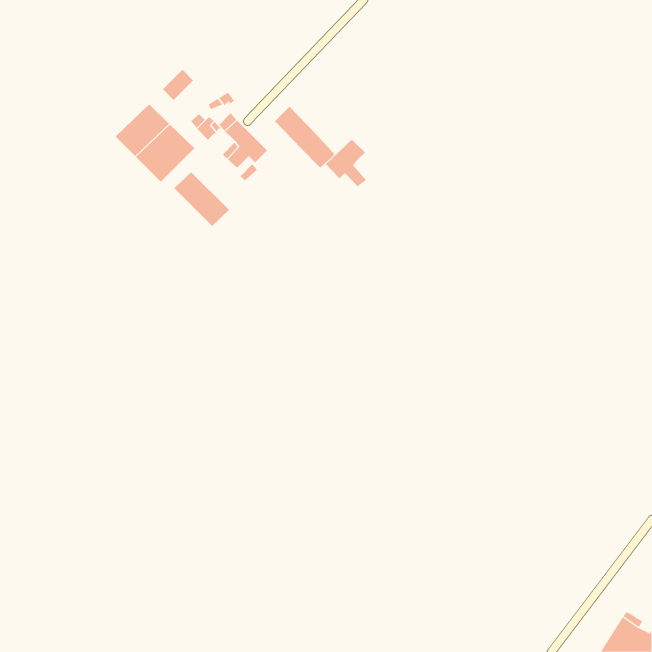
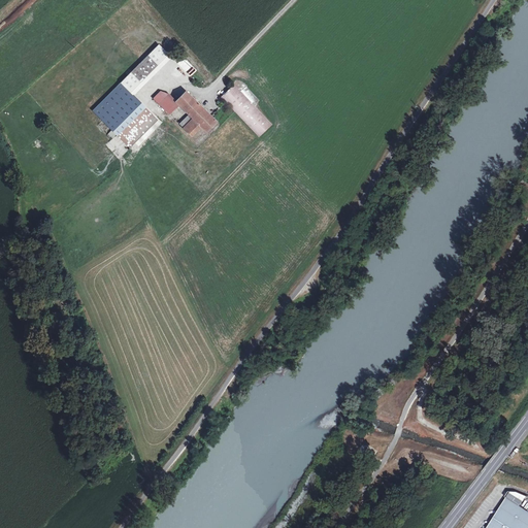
building: [325,139,367,187] -> none
building: [174,171,230,227] -> none

